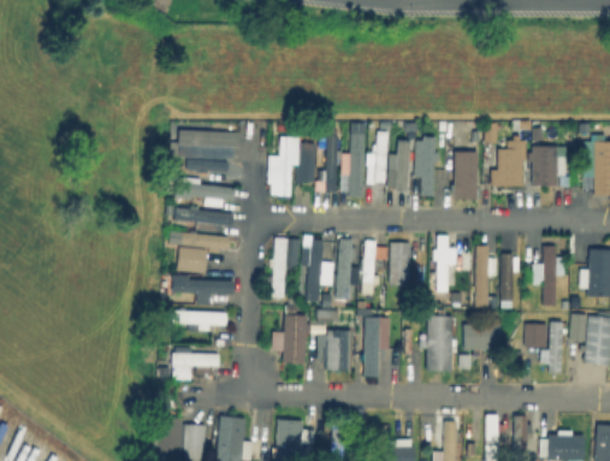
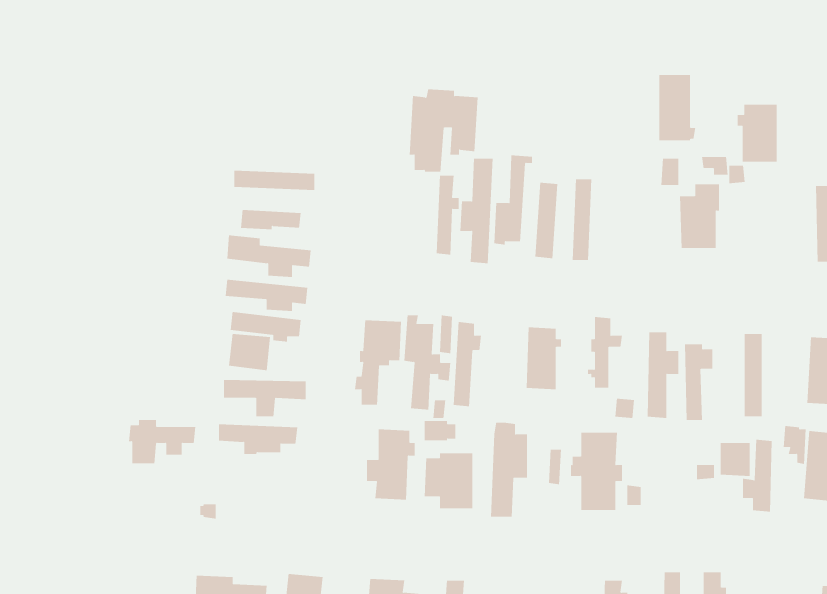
building: [267,137,316,196] -> [409,89,479,172]
building: [528,146,557,187] -> [737,104,778,162]
building: [455,152,481,199] -> [659,75,696,141]
building: [363,241,389,284] -> none
building: [463,324,501,356] -> none
building: [172,349,220,380] -> [128,420,196,464]

